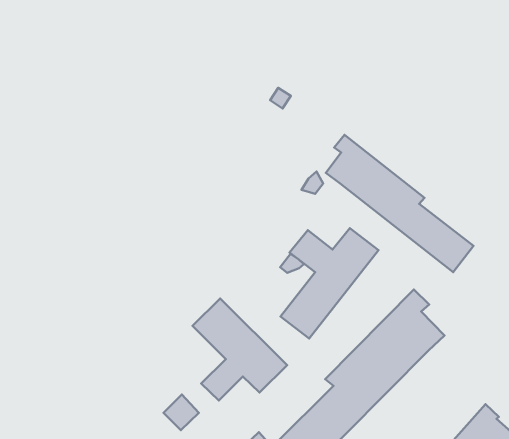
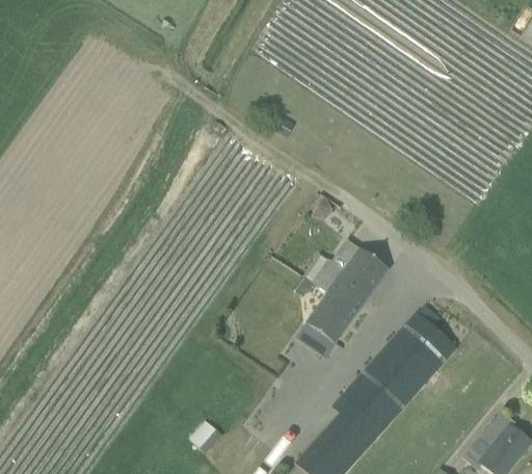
building: [326,135,473,272] -> none
building: [192,299,287,400] -> none

